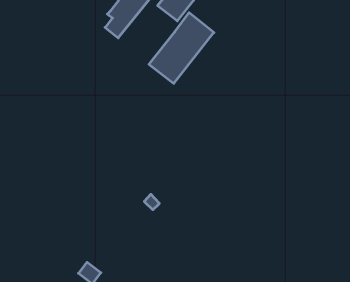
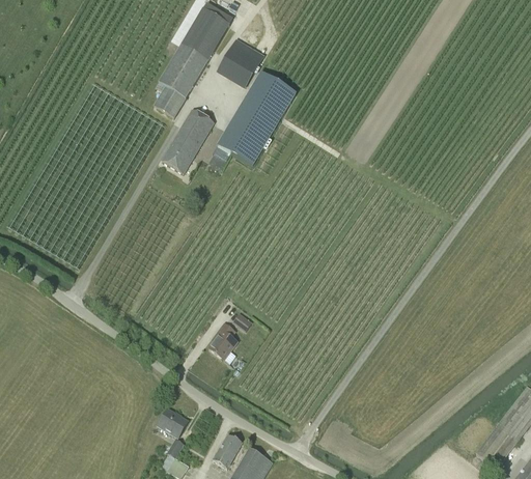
building: none -> [162,110,214,173]
building: none -> [208,323,236,359]

